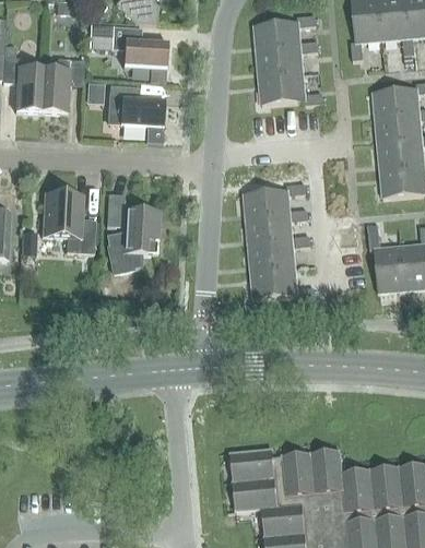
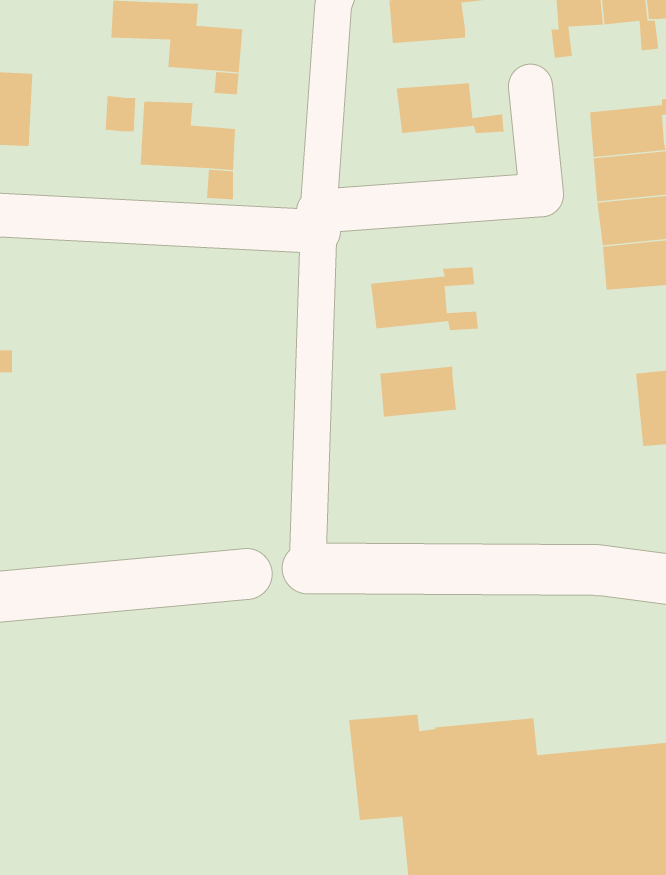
building: [256,41,318,78] -> none
building: [40,59,83,114] -> none
building: [40,193,95,253] -> none
building: [106,193,158,270] -> none
building: [246,216,309,248] -> none
building: [367,231,404,293] -> none
building: [250,269,314,299] -> none

